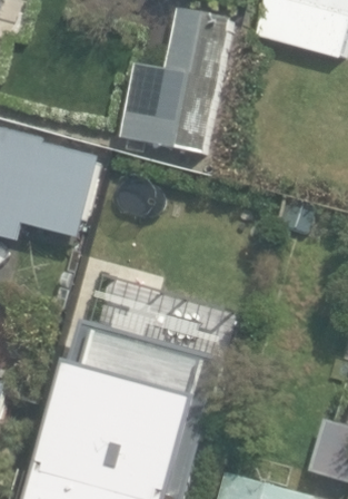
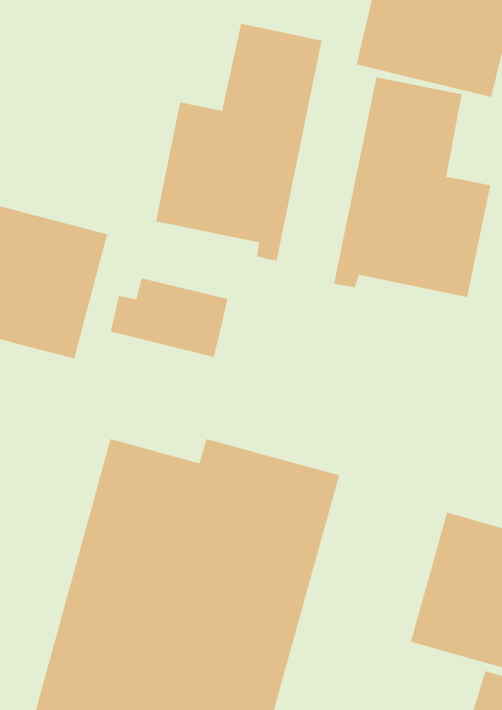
building: none -> [333,77,491,298]

